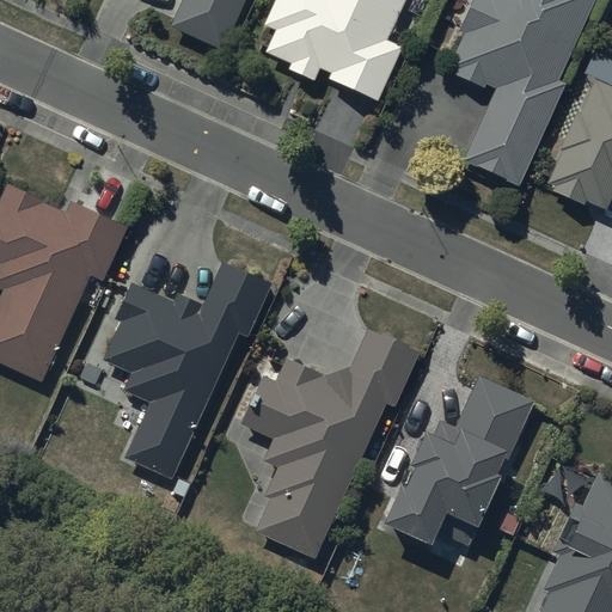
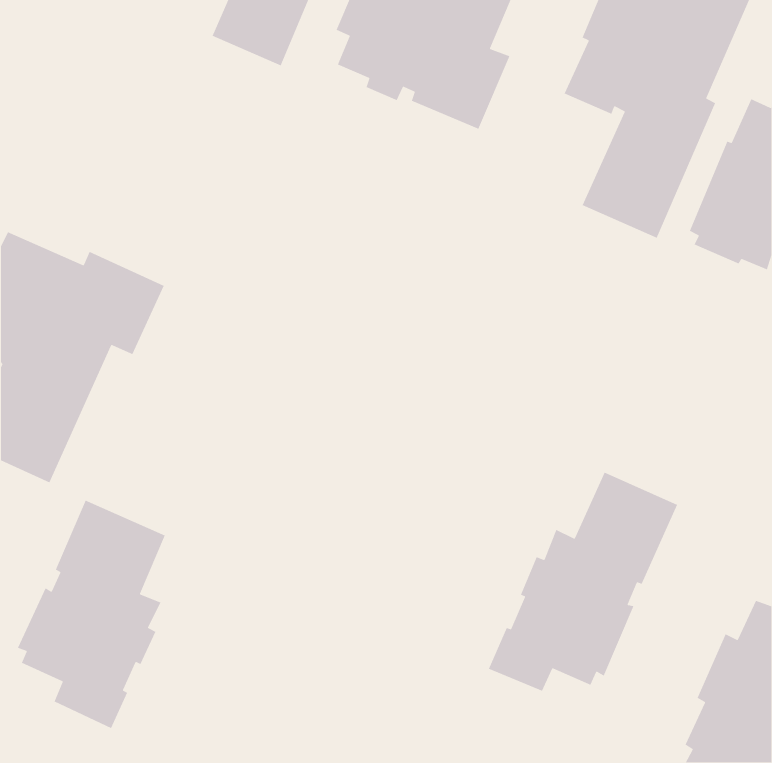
building: [104,258,275,479] -> none
building: [240,323,423,562] -> none
building: none -> [17,499,166,729]

